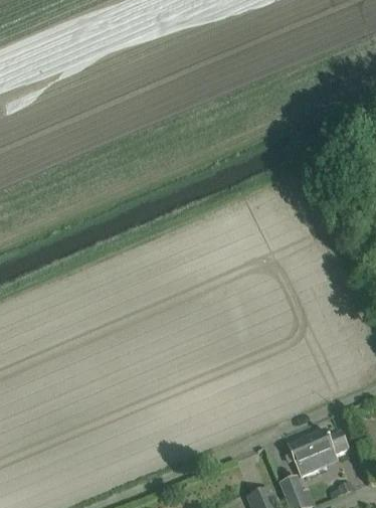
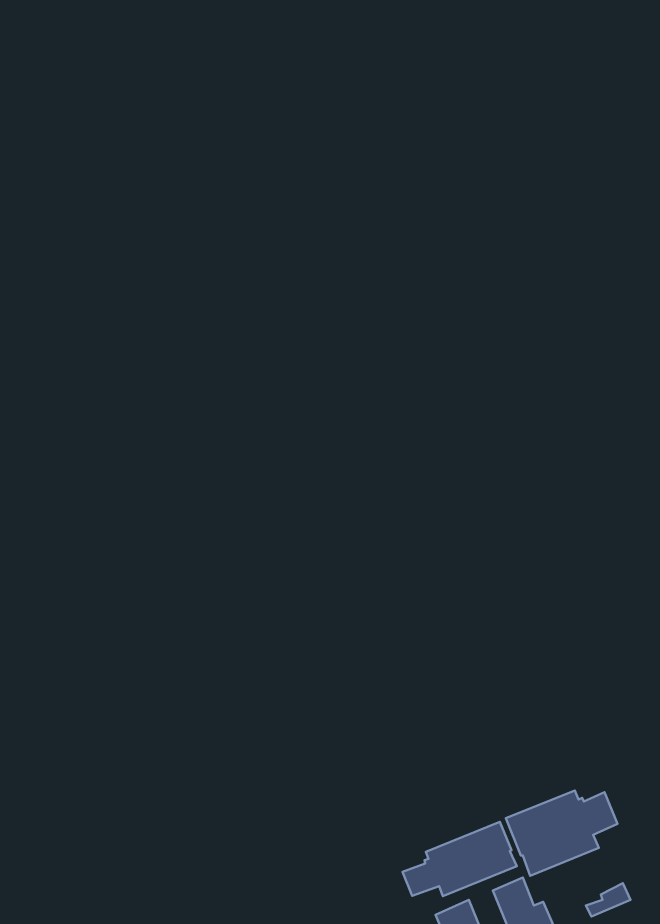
building: none -> [403,822,517,896]

